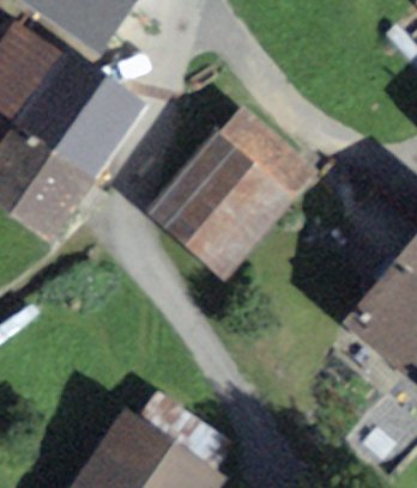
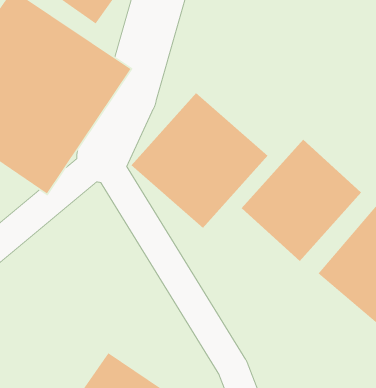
building: none -> [241,139,362,262]

